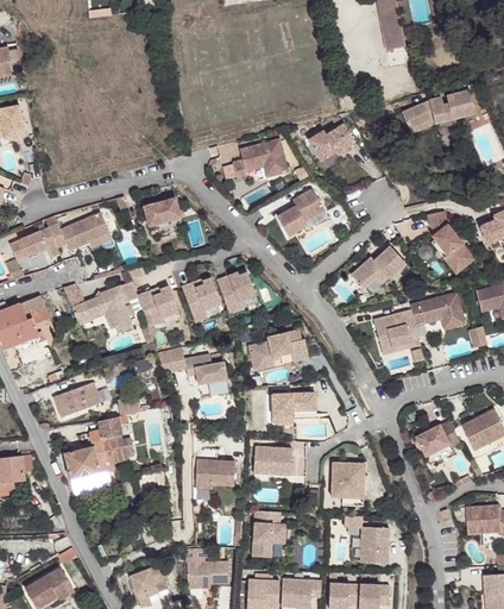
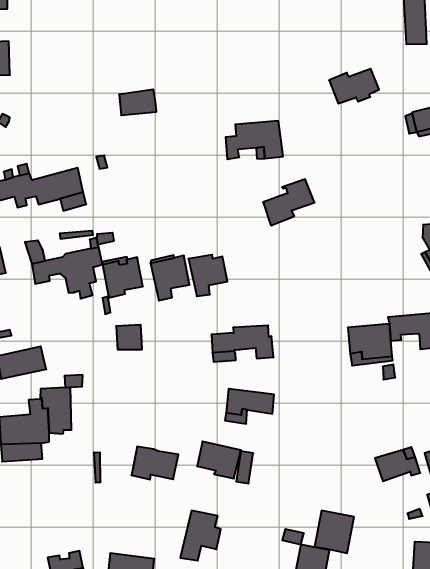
building: [308,124,355,161] -> [329,69,379,104]
building: [144,197,181,226] -> [119,89,156,115]
building: [351,246,405,289] -> none
building: [184,353,227,384] -> none
building: [332,463,364,498] -> [315,511,354,553]

